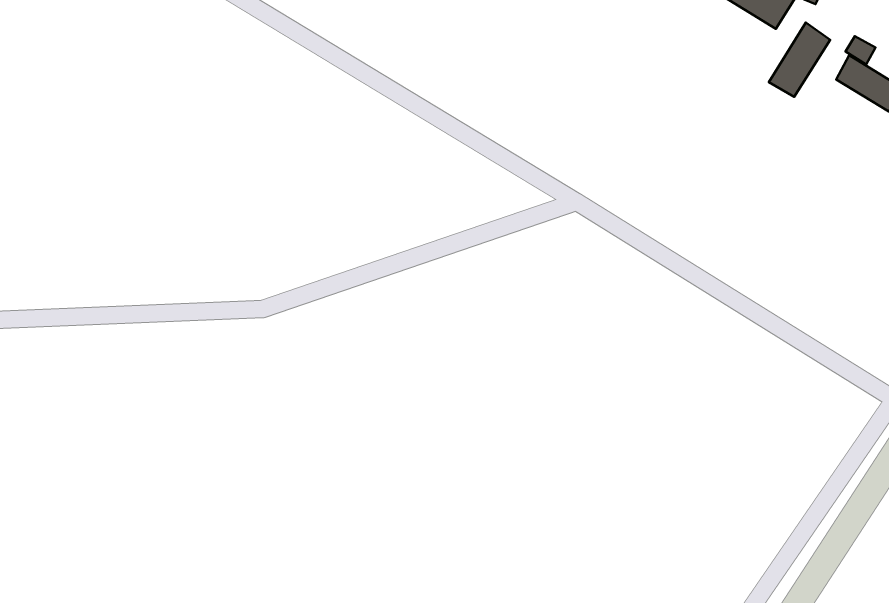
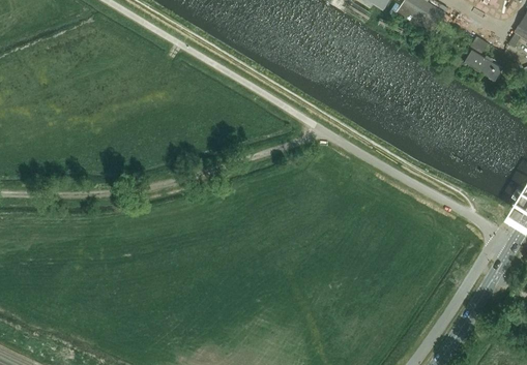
building: [769,22,830,97] -> none

